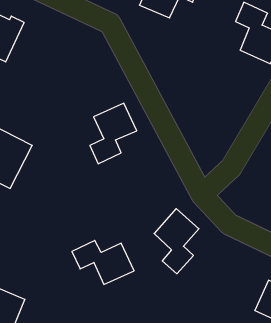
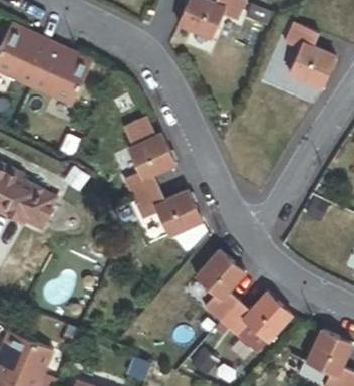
building: none -> [32,45,90,108]
building: [72,240,134,284] -> [133,188,202,236]
building: none -> [220,292,291,341]

